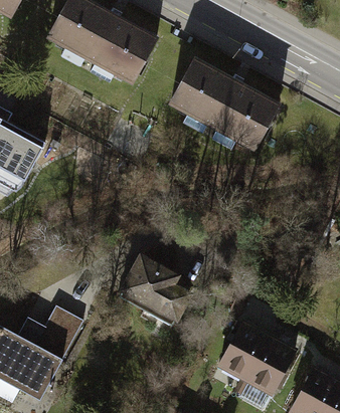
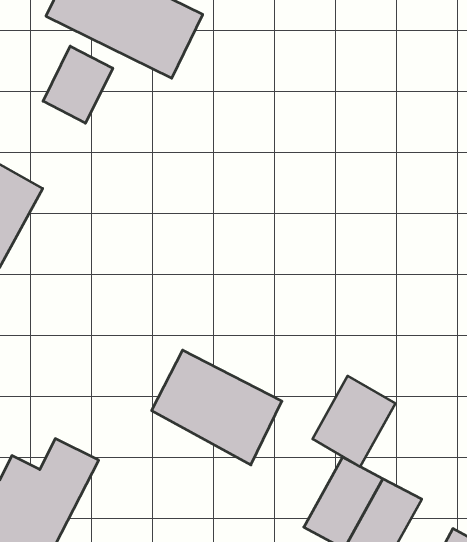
building: none -> [43,46,113,123]
building: [170,59,273,146] -> none
building: none -> [313,376,395,467]

